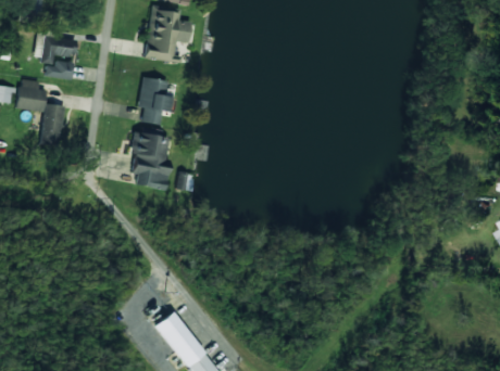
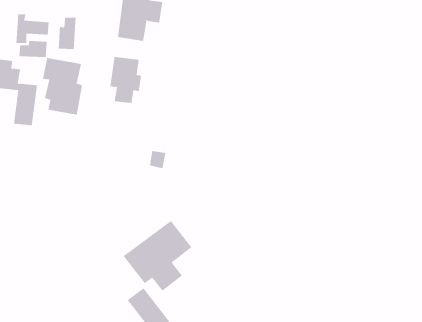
building: none -> [58,17,76,50]
building: [130,131,172,190] -> [42,58,83,115]
building: none -> [123,220,192,292]

